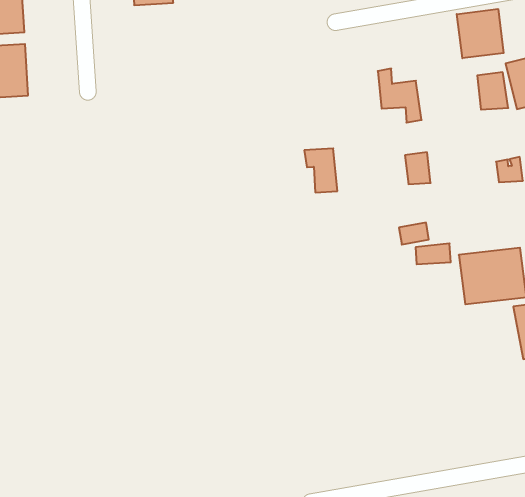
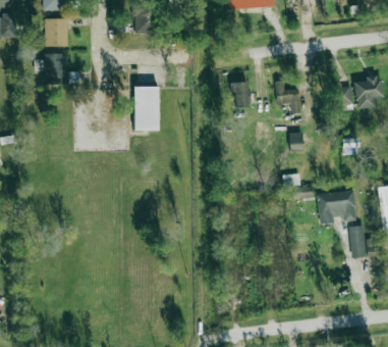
building: [457,9,504,58] -> none
building: none -> [134,86,159,130]
building: [304,148,337,192] -> [230,82,248,107]

